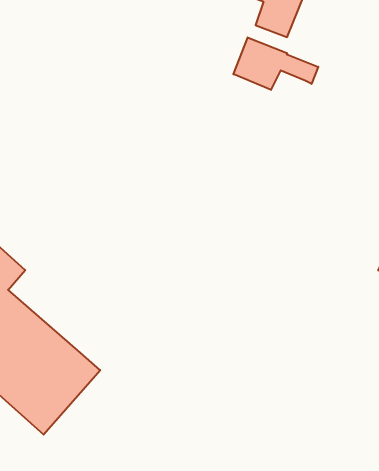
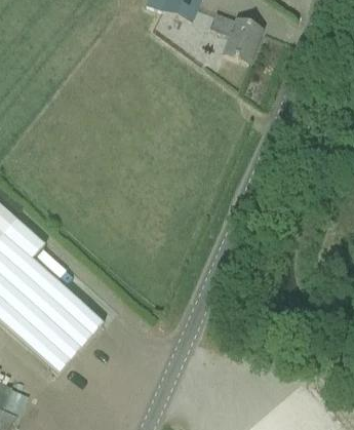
building: [233,37,318,90] -> none

